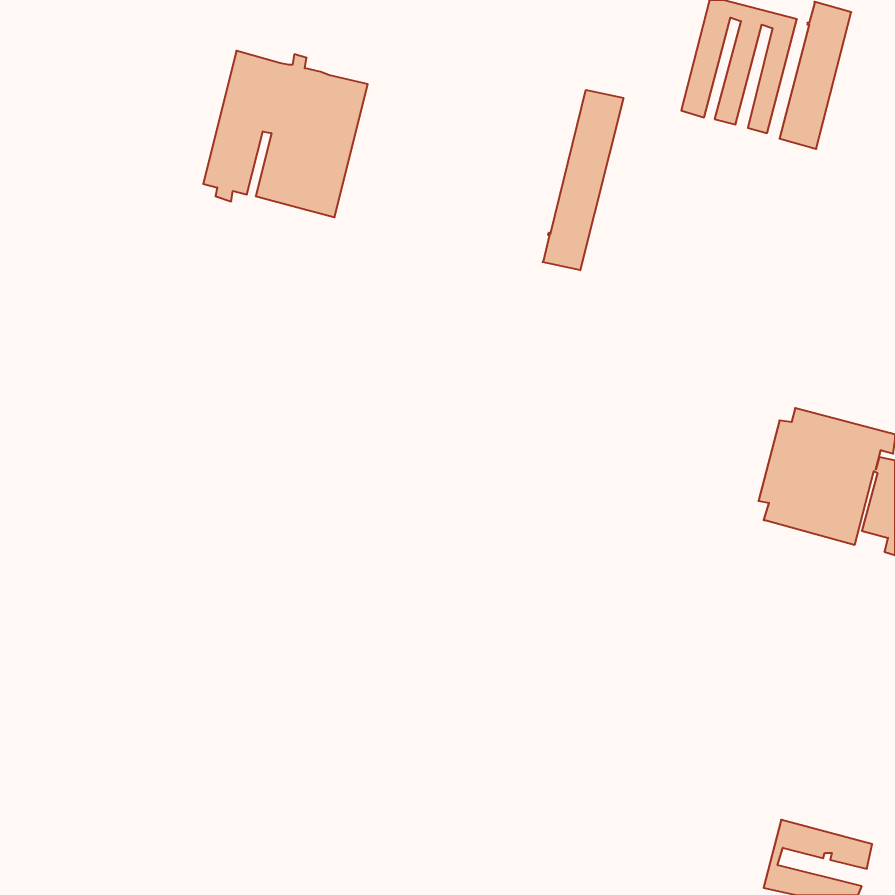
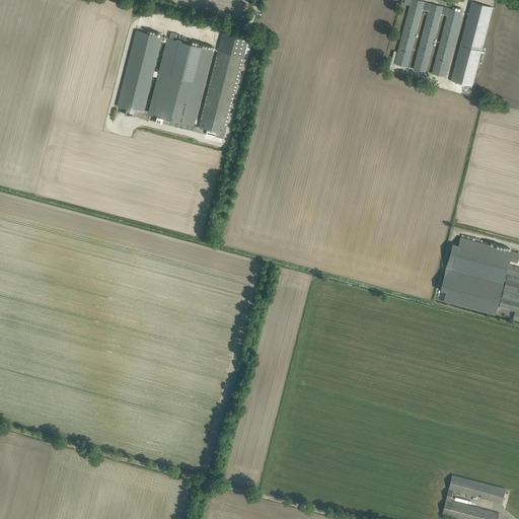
building: none -> [134,33,247,139]
building: [543,90,623,270] -> none

